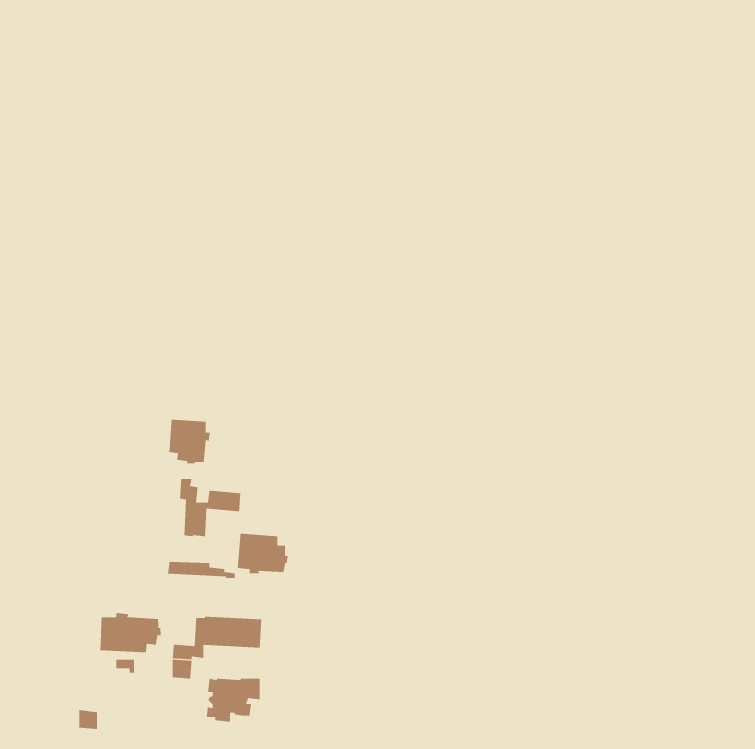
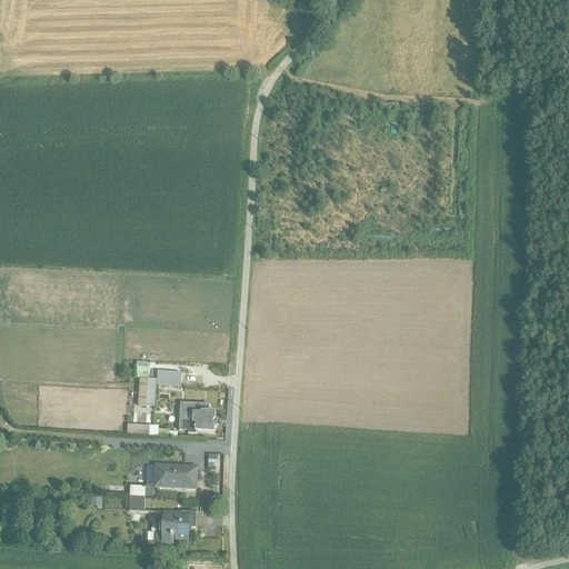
building: [169,419,211,464] -> none
building: [99,612,162,653] -> none

